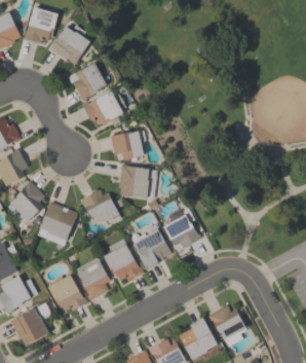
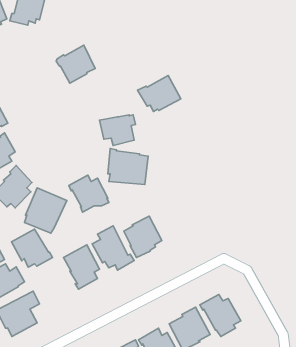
building: [49,26,90,65] -> none
building: [81,90,123,125] -> [138,76,181,111]
building: [163,214,201,248] -> none
building: [47,275,87,312] -> [11,229,53,267]

